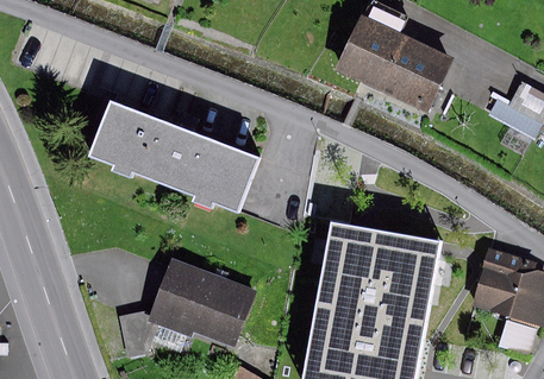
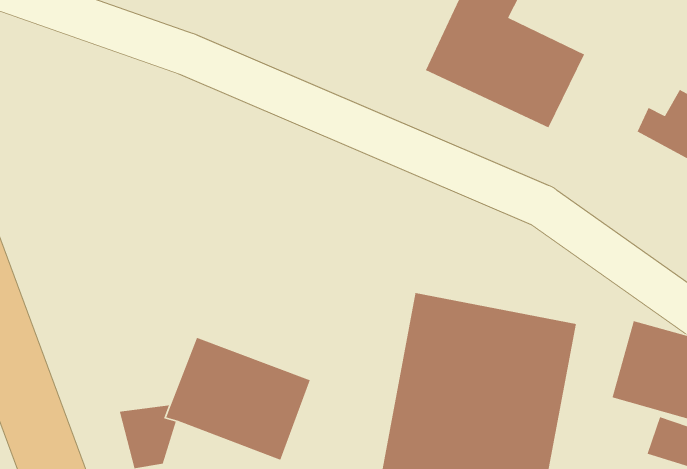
building: [94,102,260,208] -> none

